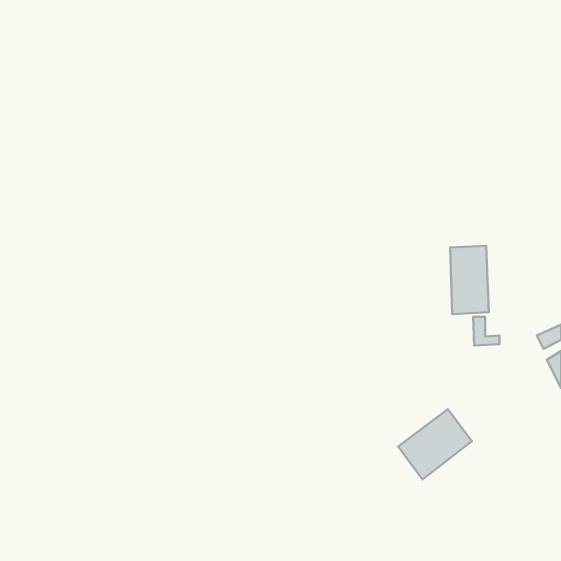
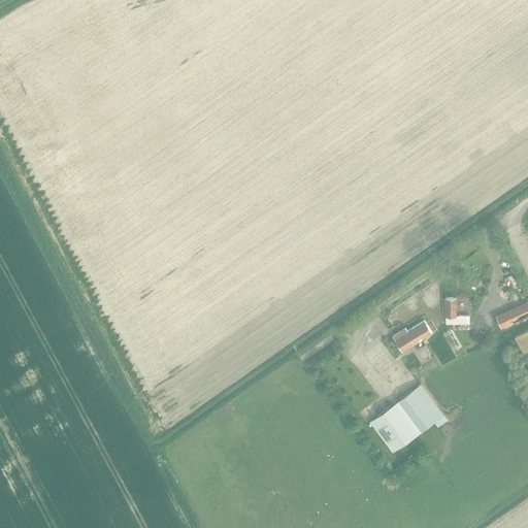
building: [450,246,489,314] -> none
building: none -> [393,321,431,352]

